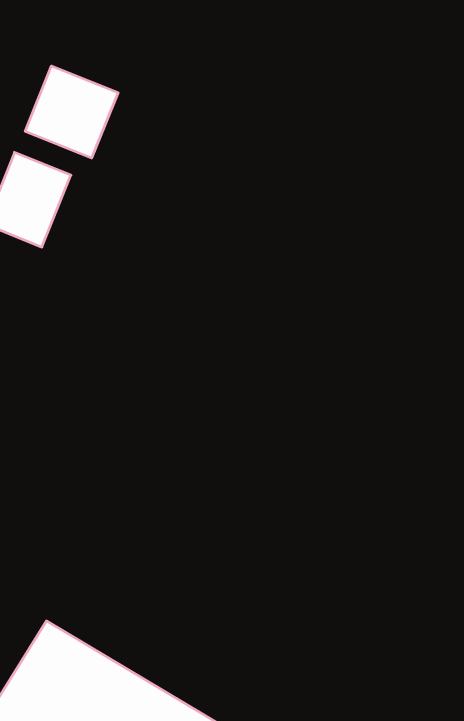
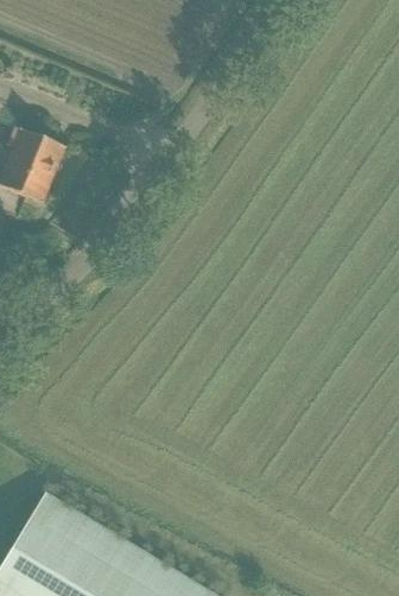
building: [25,66,118,158] -> none

